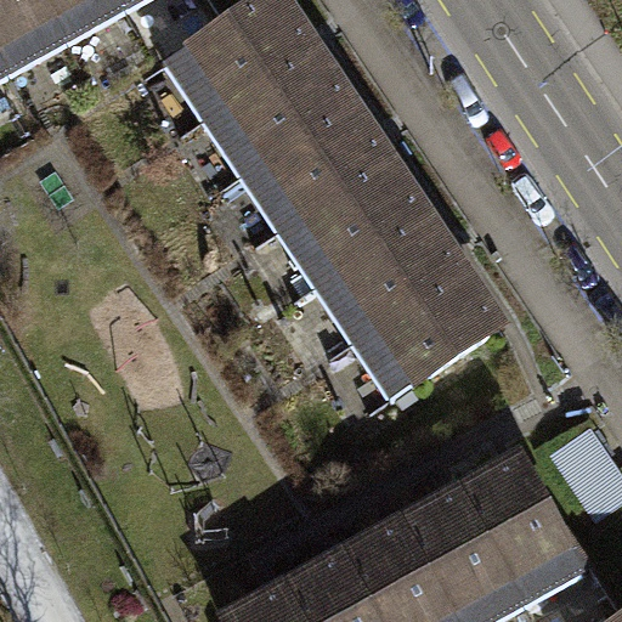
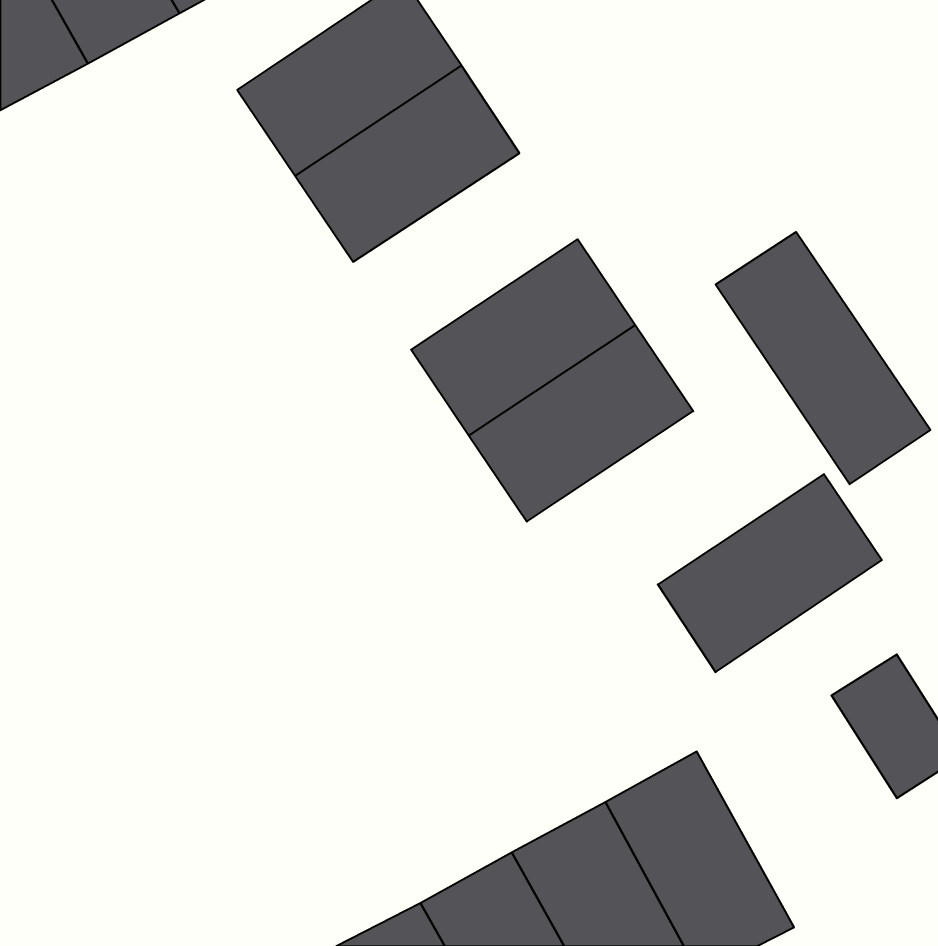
building: [241,100,386,227] -> none
building: none -> [716,232,930,484]
building: [354,267,499,396] -> [658,474,882,672]
building: [464,454,588,603] -> none

